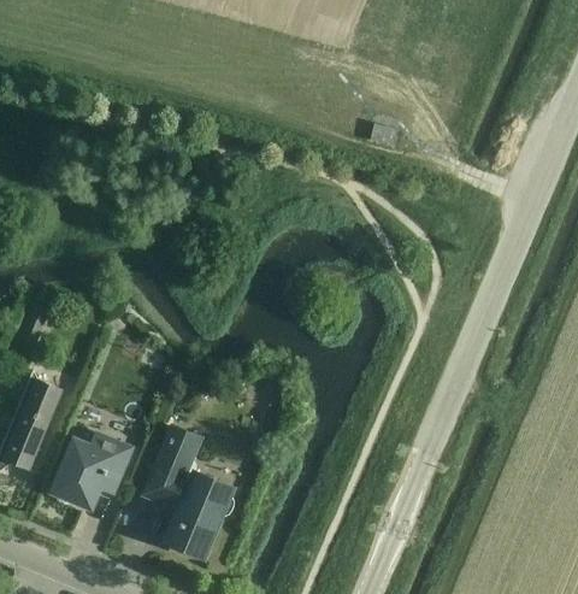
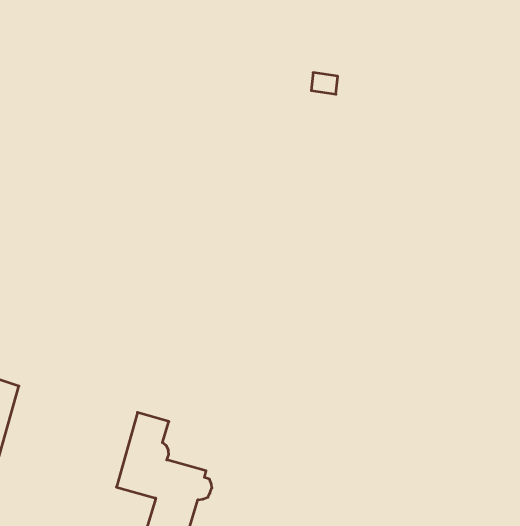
building: [51,433,131,510] -> none

